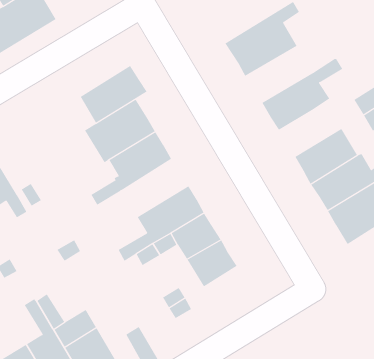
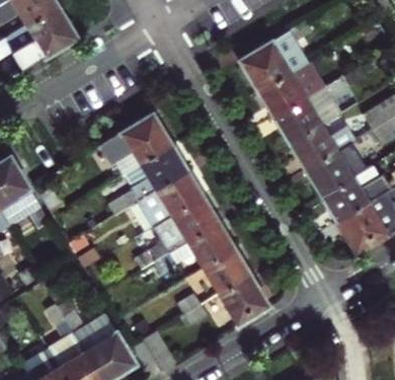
building: none -> [257,62,323,117]
building: [80,65,147,123] -> [139,170,204,226]
building: none -> [290,124,354,168]
building: none -> [218,273,269,324]

